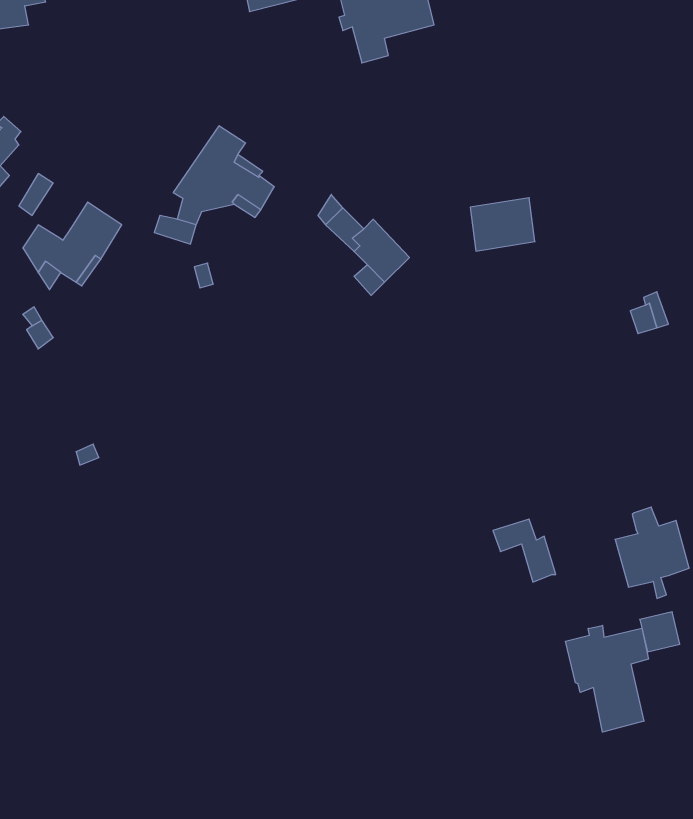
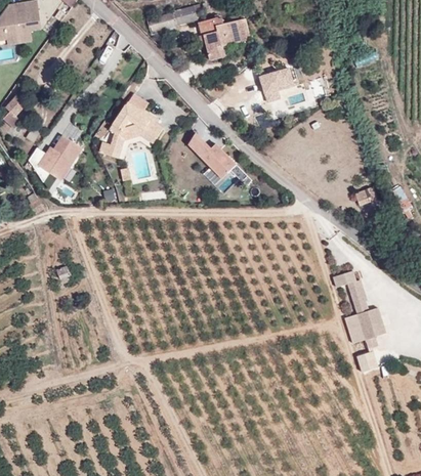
building: [470,198,535,251] -> [261,72,296,100]
building: [493,519,556,582] -> [333,269,367,303]
building: [566,625,649,732] -> none

